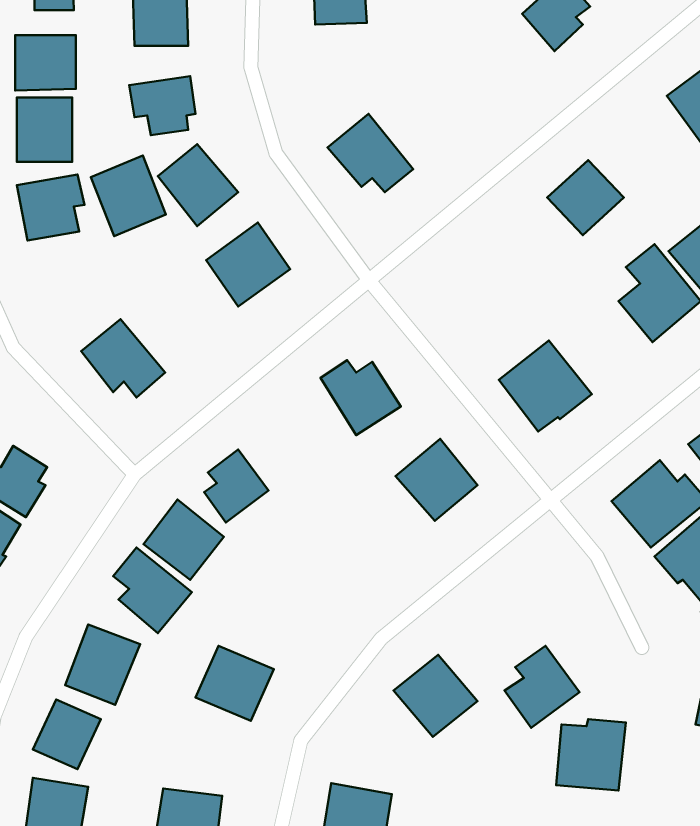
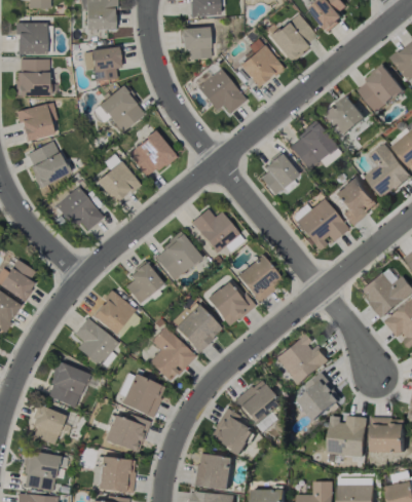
building: none -> [269,13,317,61]
building: none -> [180,27,211,60]
building: none -> [238,37,283,88]
building: none -> [355,65,404,113]
building: [91,156,166,236] -> [25,141,68,187]
building: none -> [288,121,336,168]
building: none -> [259,152,298,194]
building: none -> [96,160,139,203]
building: none -> [333,176,377,226]
building: none -> [152,232,201,280]
building: none -> [207,281,255,326]
building: none -> [174,304,222,352]
building: none -> [148,326,195,380]
building: none -> [275,336,329,385]
building: none -> [209,408,255,456]
building: none -> [104,415,148,452]
building: none -> [372,418,405,453]

